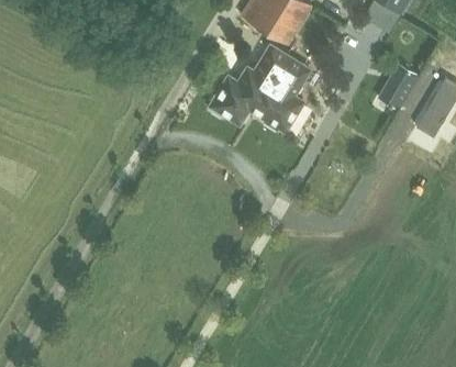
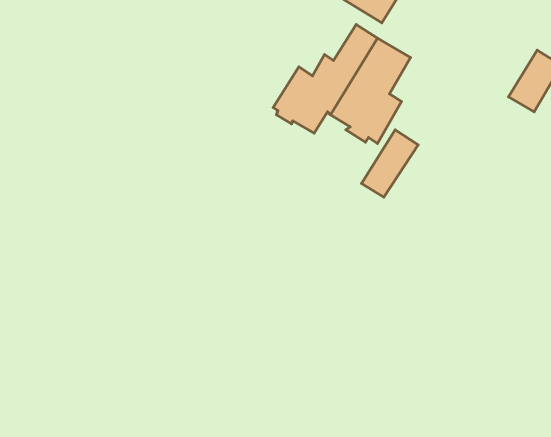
building: none -> [361,130,418,197]

